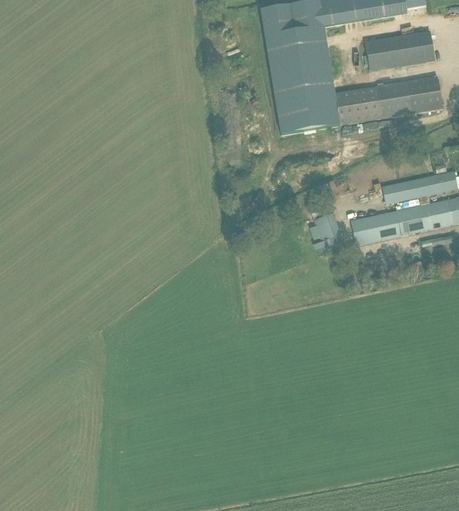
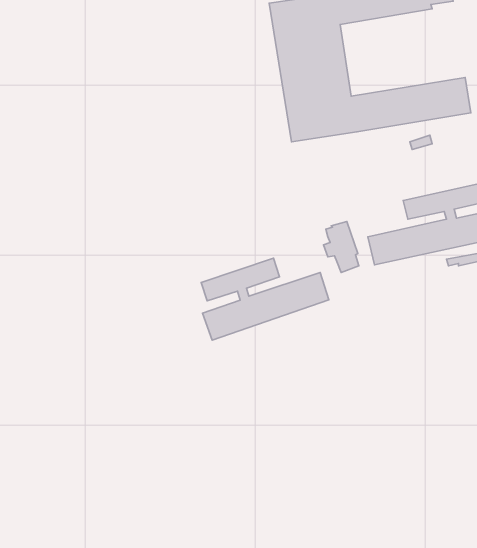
building: [365,30,435,70] -> none
building: none -> [201,258,329,340]

